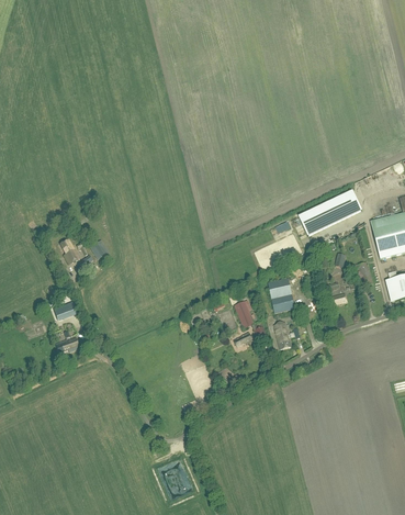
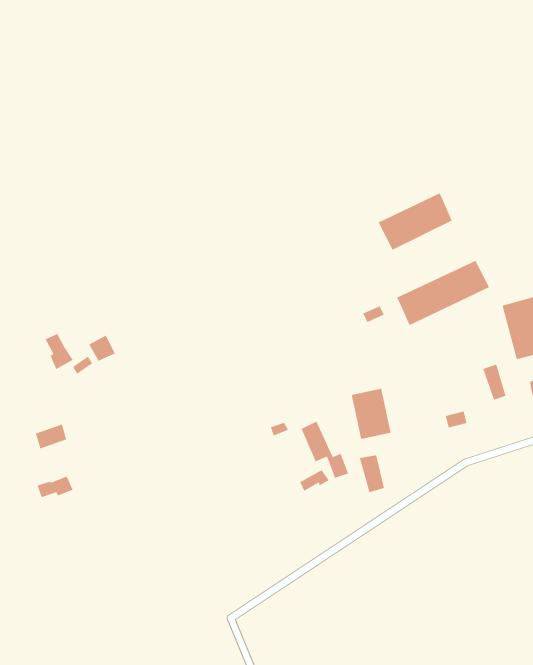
building: none -> [378,192,453,251]

